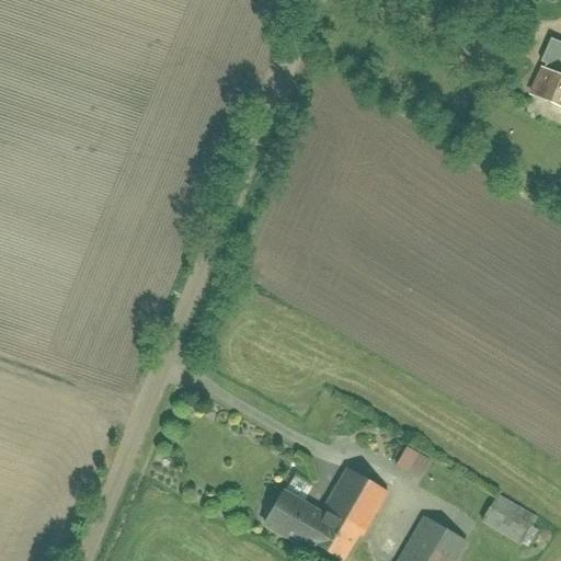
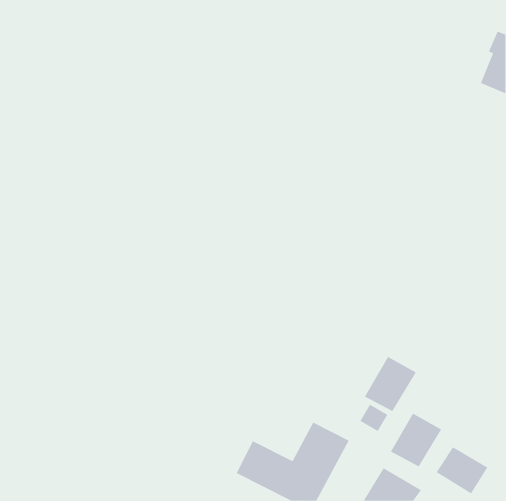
building: none -> [364,356,417,412]
building: none -> [390,413,442,467]

